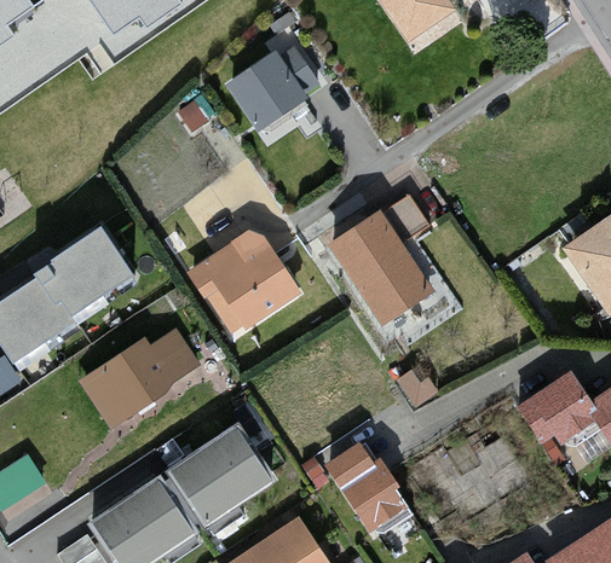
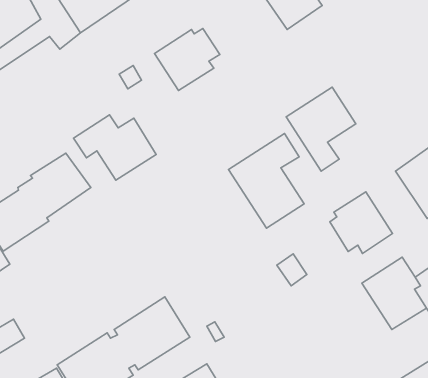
building: none -> [286,87,356,171]
building: [185,240,301,332] -> [74,115,156,180]
building: none -> [330,192,393,253]
building: [76,331,198,428] -> none
building: [324,442,411,533] -> none

